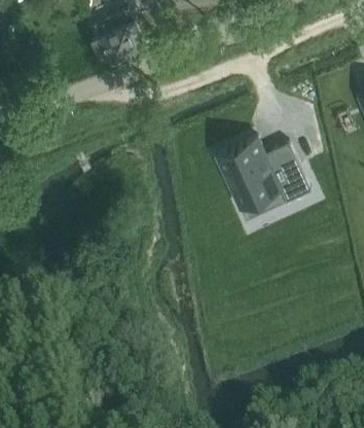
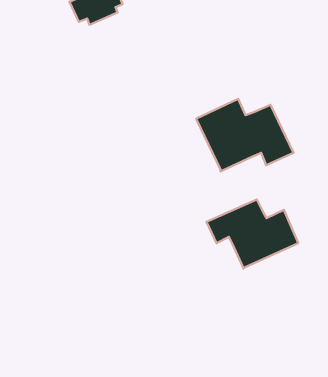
building: none -> [207,199,298,268]

